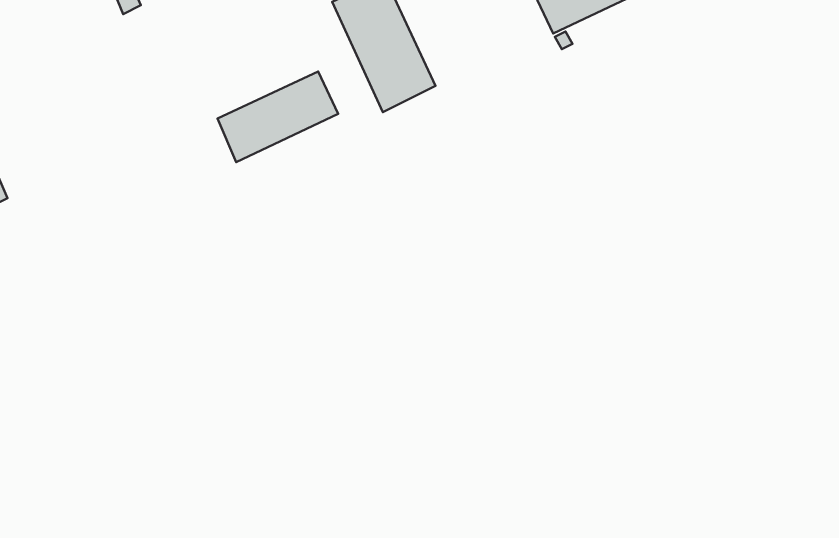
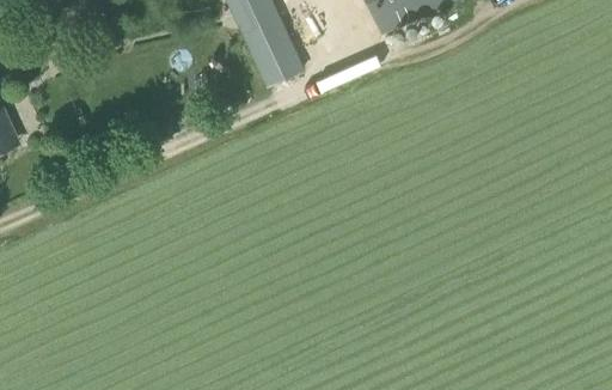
building: [217,71,338,162] -> none

